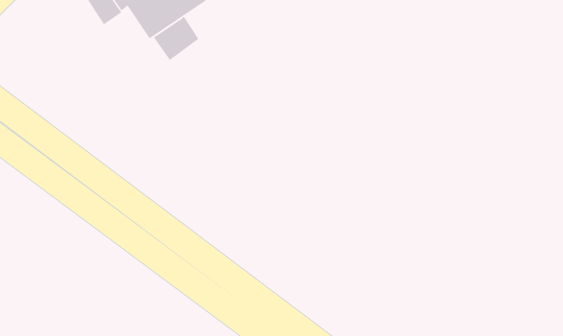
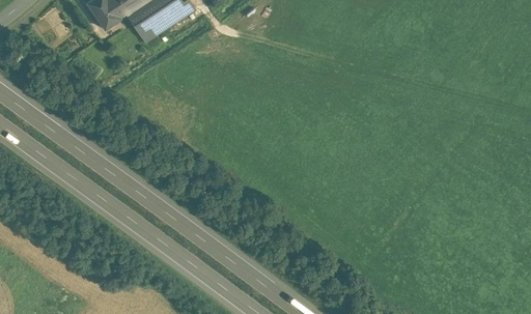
building: [153,16,199,61] -> none

